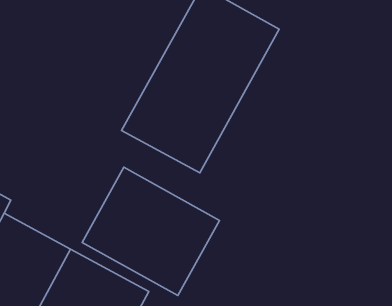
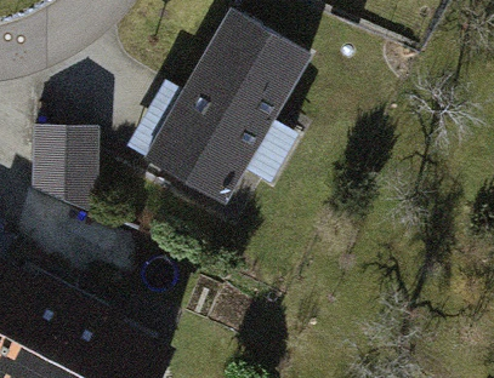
building: none -> [29,130,96,217]
building: [82,167,219,296] -> none

